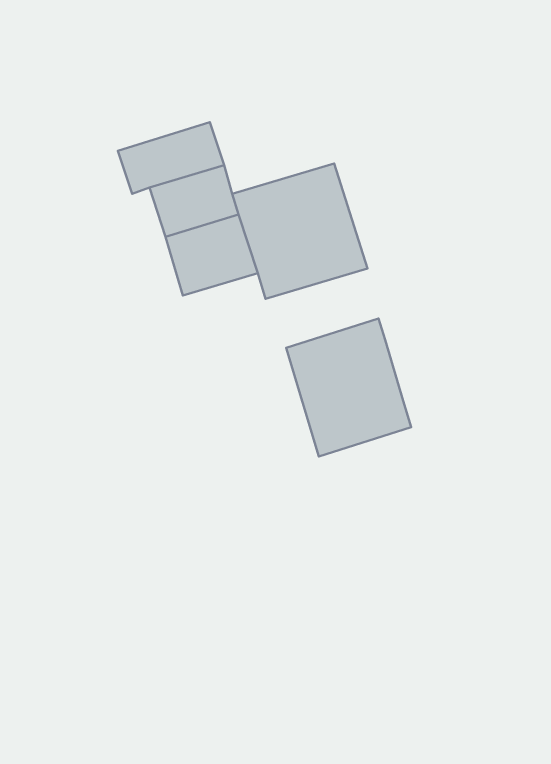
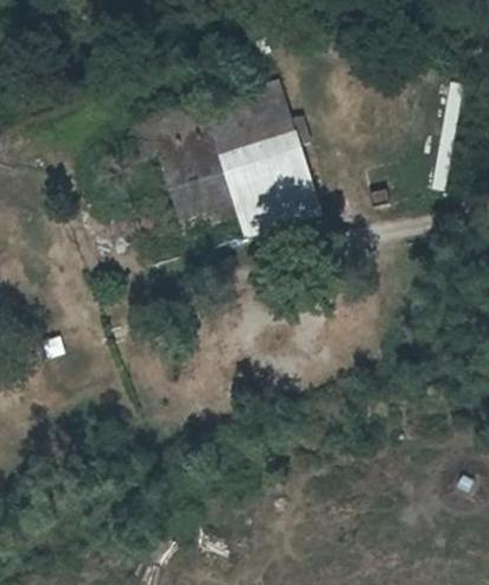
building: none -> [203,78,296,155]
building: [286,318,411,457] -> none

